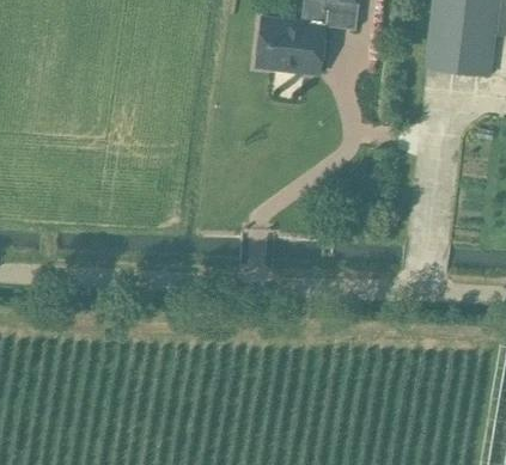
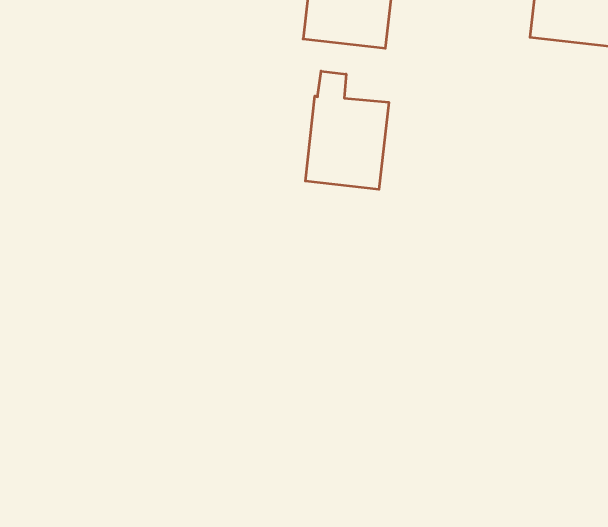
building: none -> [305,71,389,189]

